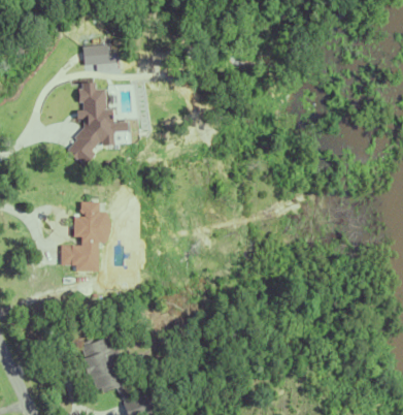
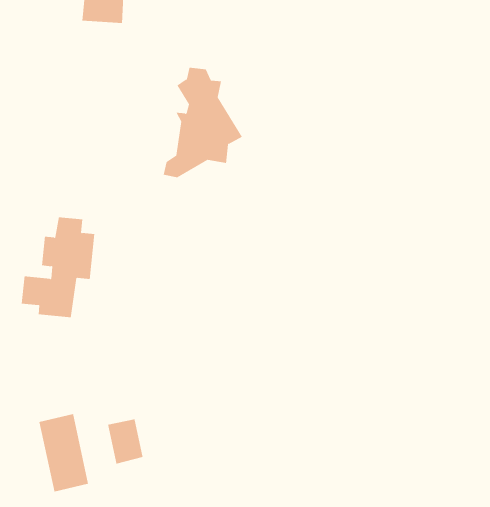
building: [70,83,123,160] -> [163,67,243,178]
building: none -> [107,419,143,464]

